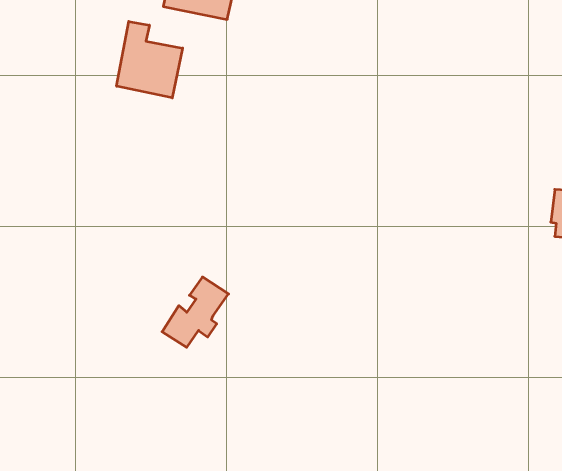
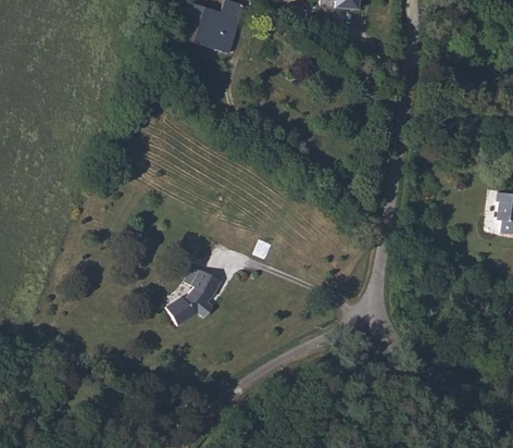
building: [117,21,183,98] -> none

